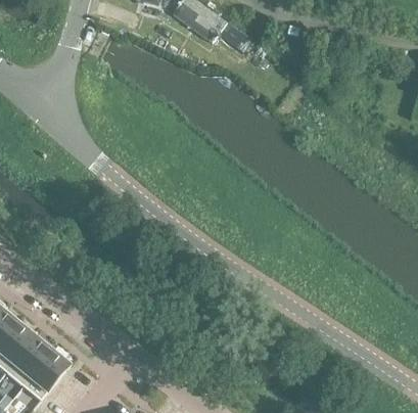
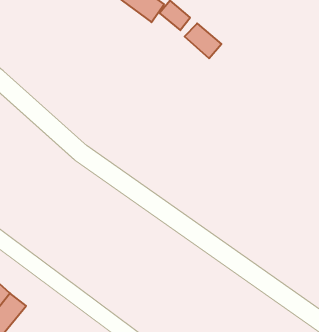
building: none -> [185,23,221,58]

